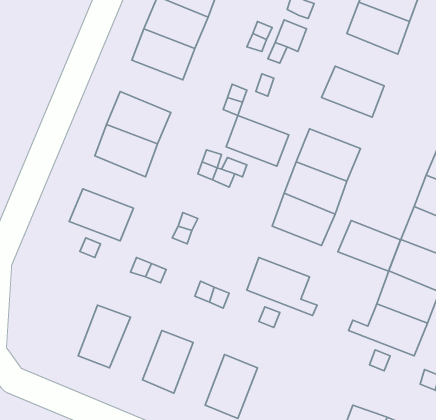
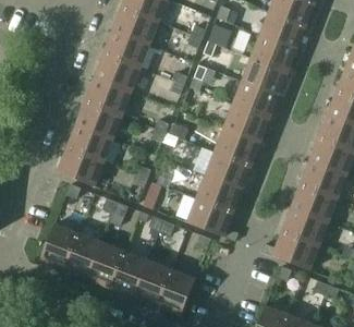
building: none -> [252,34,297,72]
building: none -> [95,53,141,92]
building: [226,116,289,166] -> [233,81,279,118]
building: none -> [68,123,113,161]
building: [338,220,401,271] -> [196,174,242,211]
building: none -> [40,222,78,269]
building: none -> [87,241,125,287]
building: none -> [134,259,171,305]

